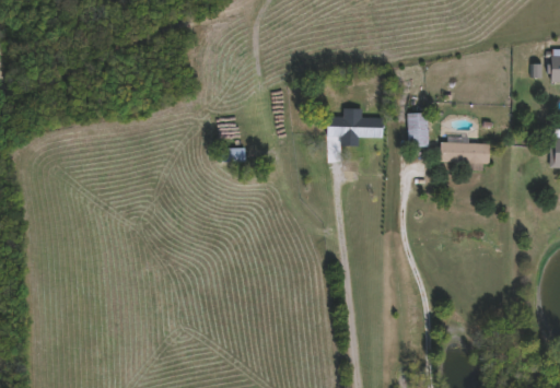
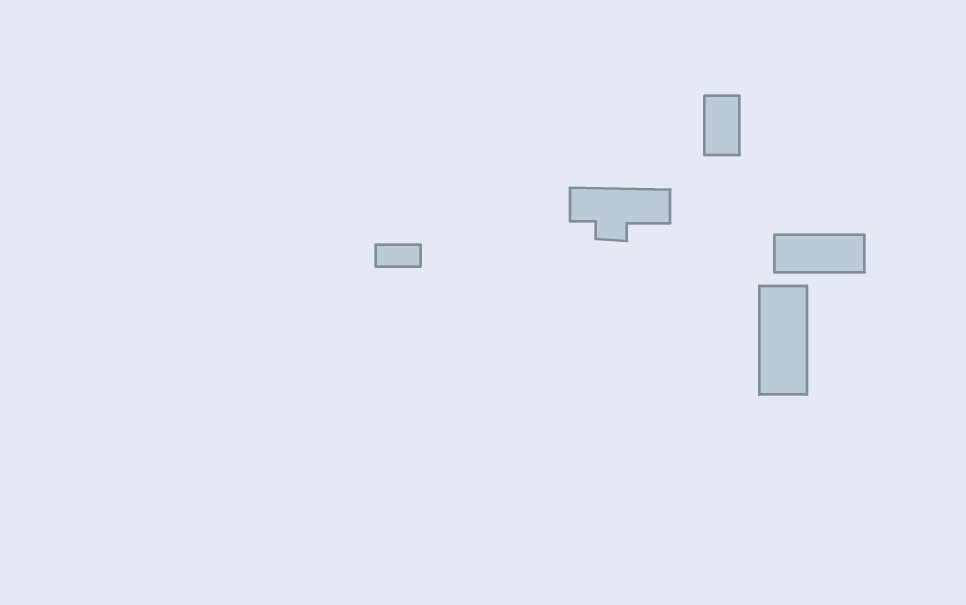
building: [409,113,429,145] -> [704,96,740,155]
building: none -> [759,286,807,395]

